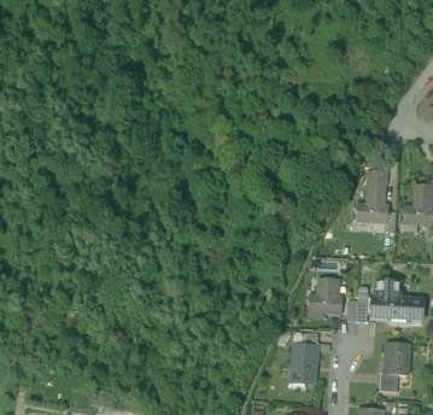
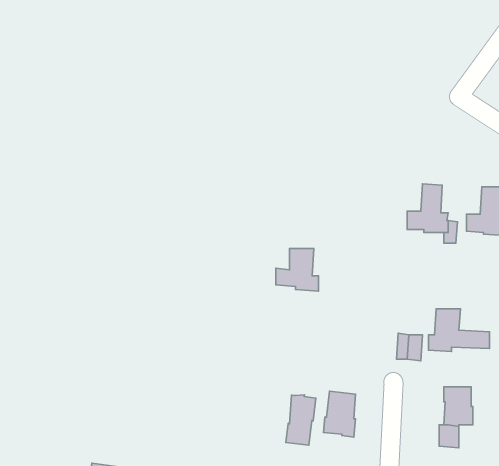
building: [308,280,341,314] -> [276,248,318,291]
building: none -> [286,395,316,445]

